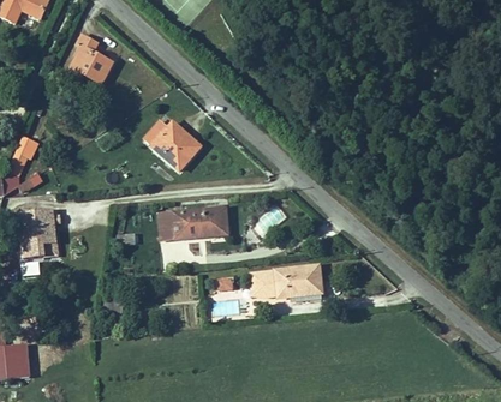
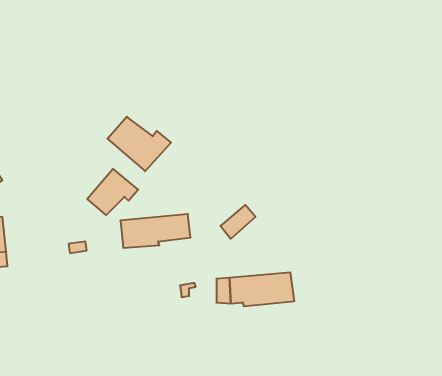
building: [77,34,115,83] -> none
building: none -> [87,169,138,215]

